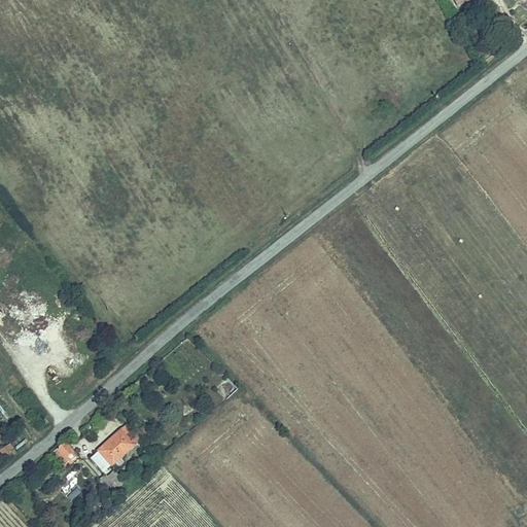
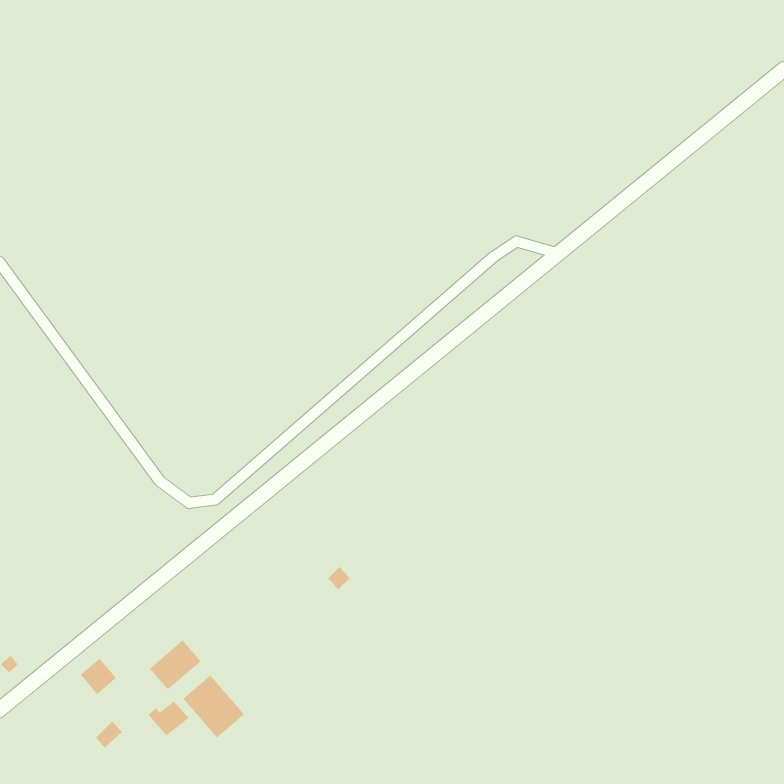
building: none -> [183,674,245,738]

